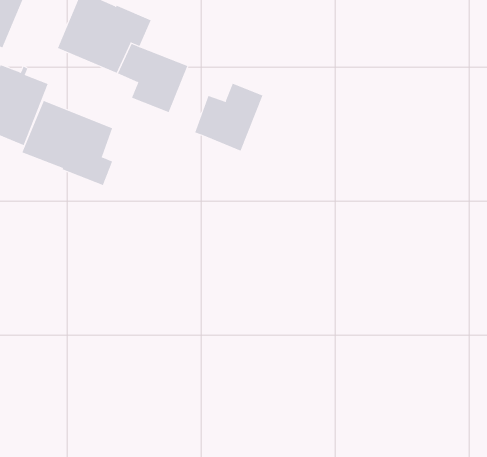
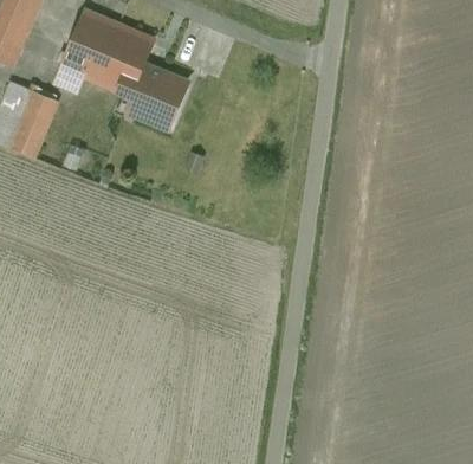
building: [195,83,263,151] -> none
building: [21,100,113,186] -> none

